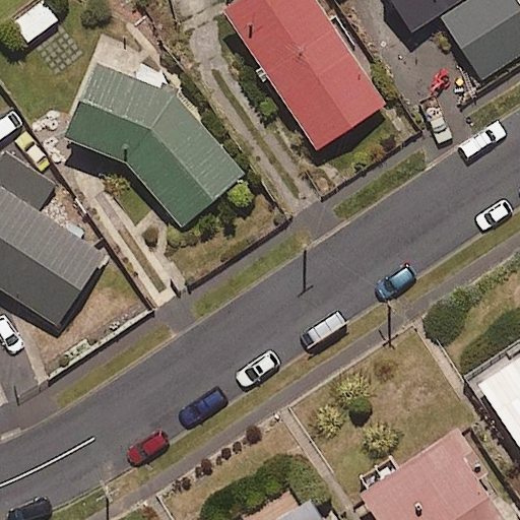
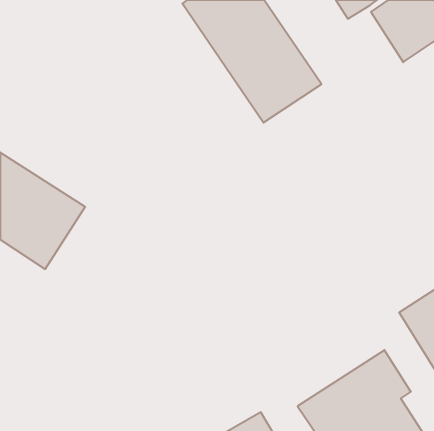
building: [62,57,245,230] -> none

